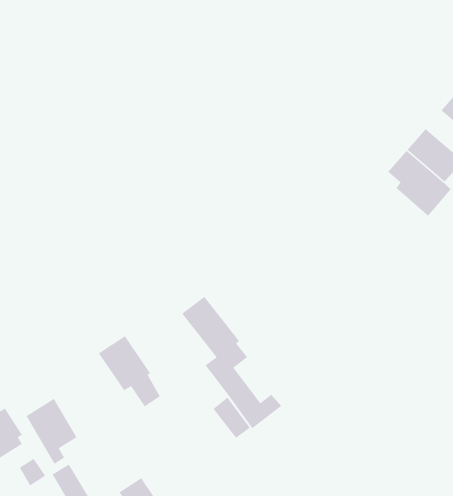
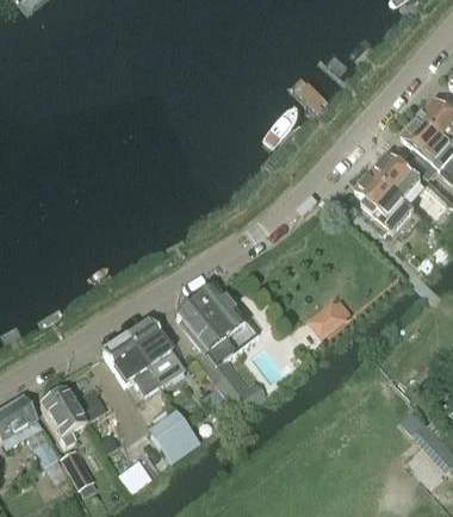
building: none -> [197,284,254,350]
building: none -> [308,297,353,337]
building: none -> [128,317,172,378]
building: none -> [150,412,198,462]

